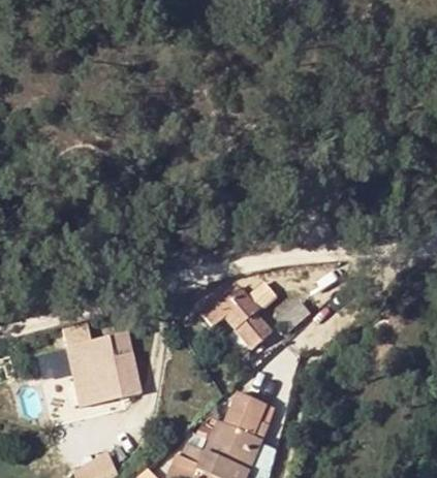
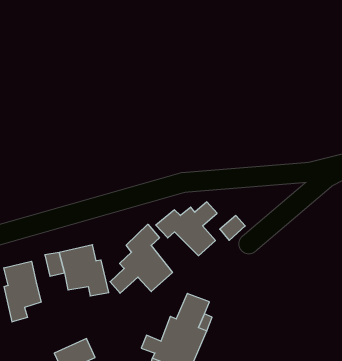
building: none -> [110,224,172,293]
building: none -> [4,261,41,322]

